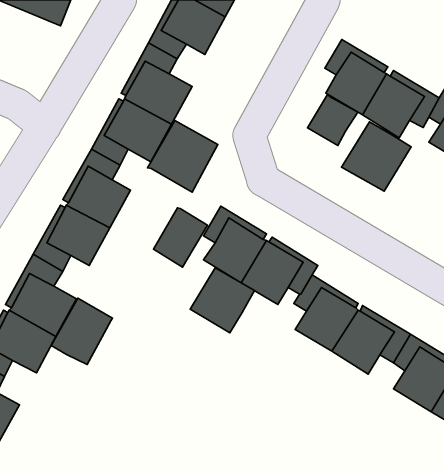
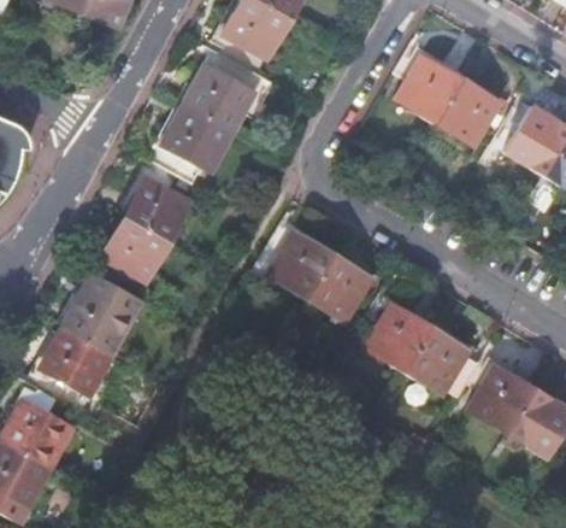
building: [307,94,358,146] -> none
building: [147,120,218,192] -> none
building: [341,122,411,191] -> none
building: [154,208,207,267] -> none
building: [190,268,254,333] -> none
building: [51,298,113,364] -> none

